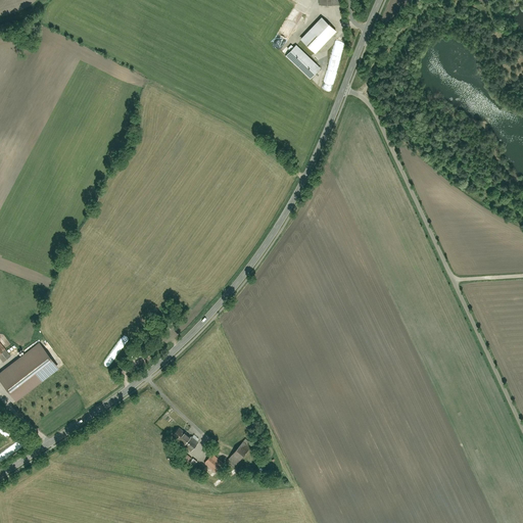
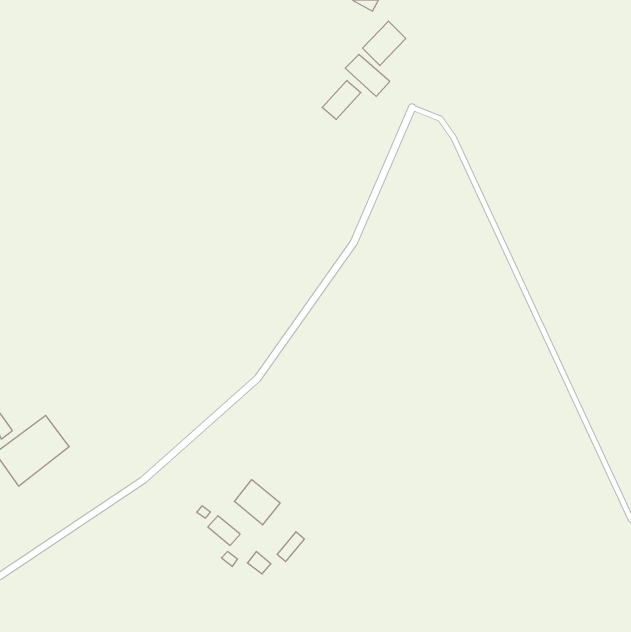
building: none -> [322,80,361,120]
building: none -> [234,480,280,525]

